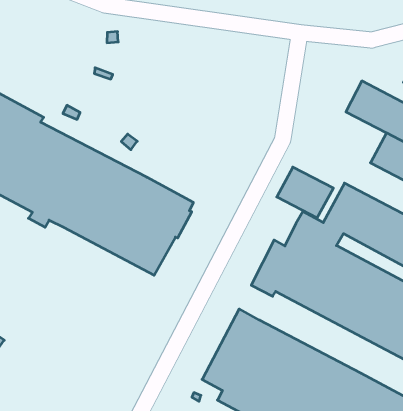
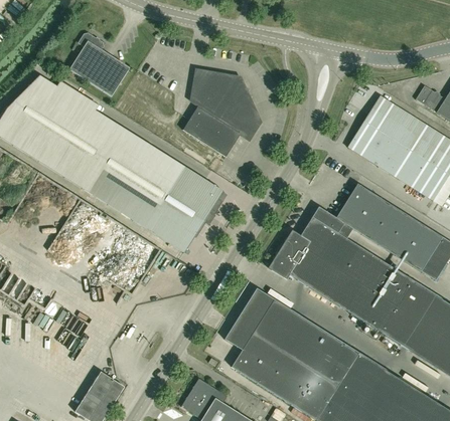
building: none -> [69,32,130,96]
building: none -> [183,70,260,157]
building: [277,167,333,218] -> [347,122,398,168]

